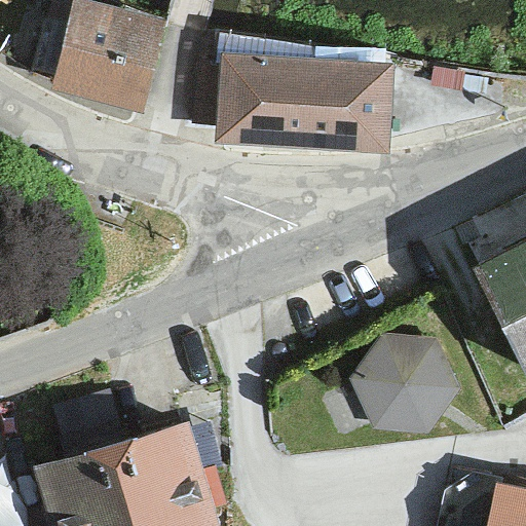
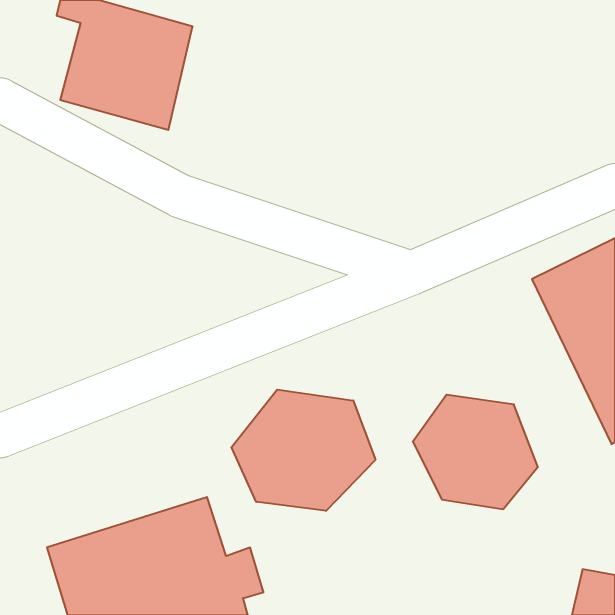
building: [197,31,389,142] -> none
building: none -> [231,390,375,511]

